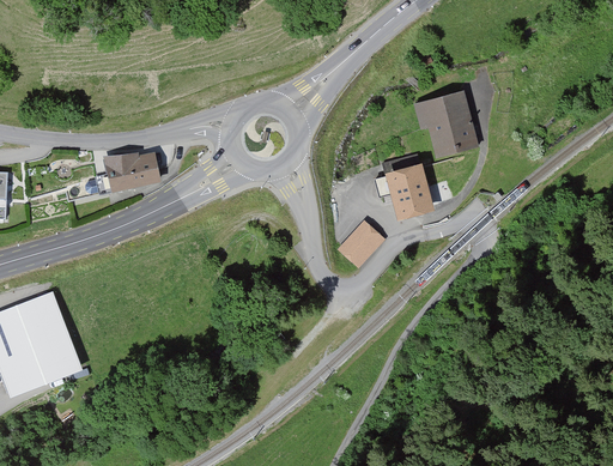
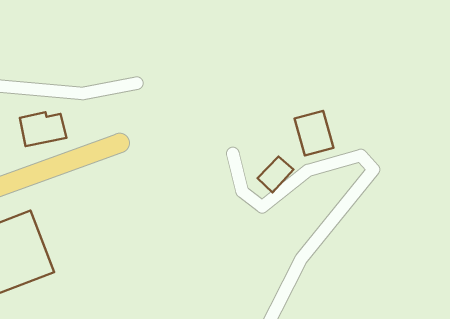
building: [415,93,475,156] -> none
building: [102,150,160,193] -> [20,112,66,146]

